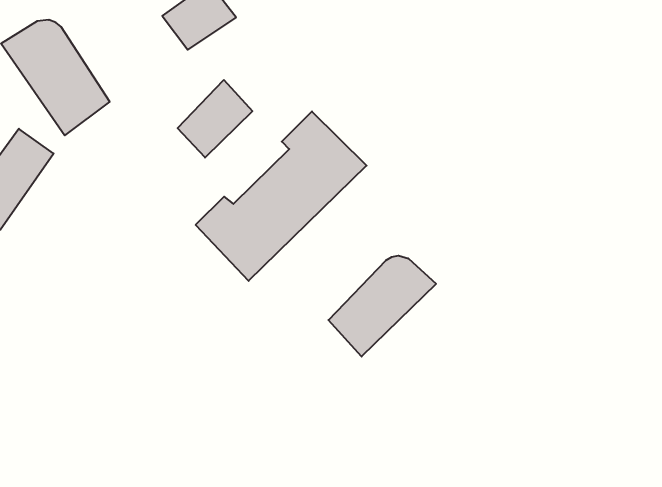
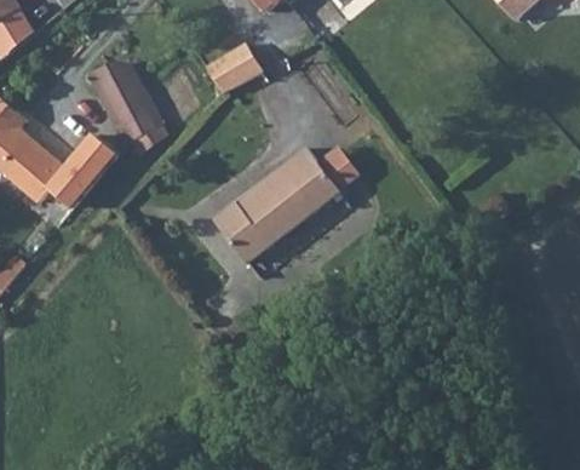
building: [178,80,252,158] -> none
building: [328,256,436,357] -> none

